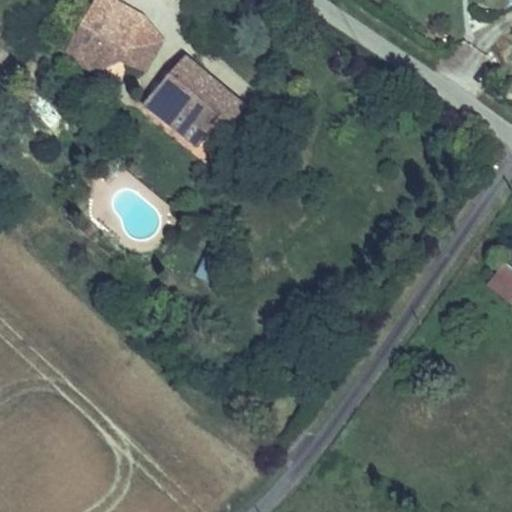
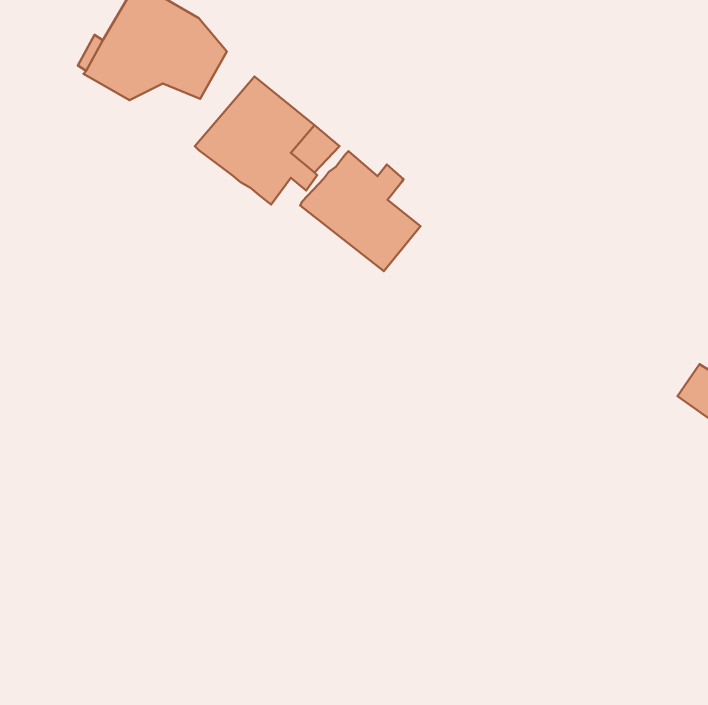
building: none -> [300,151,421,271]

